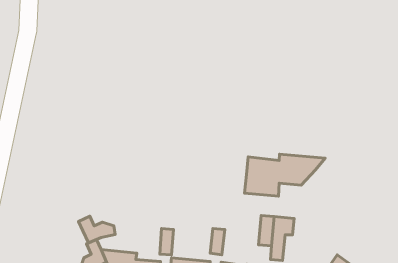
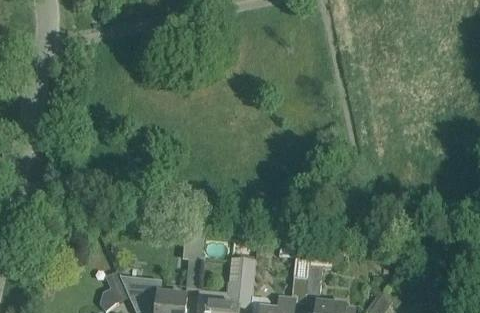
building: [245,154,325,196] -> none
building: [79,216,115,243] -> none

